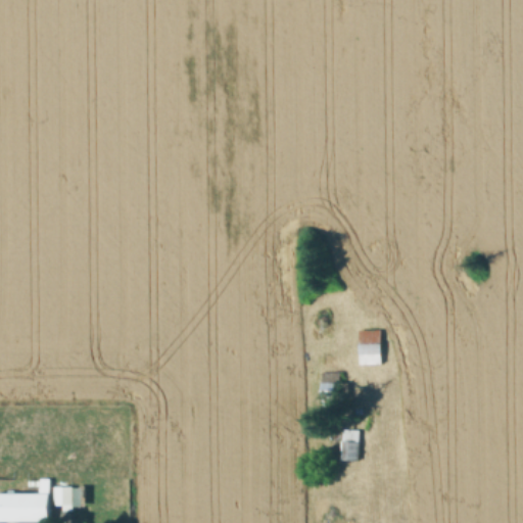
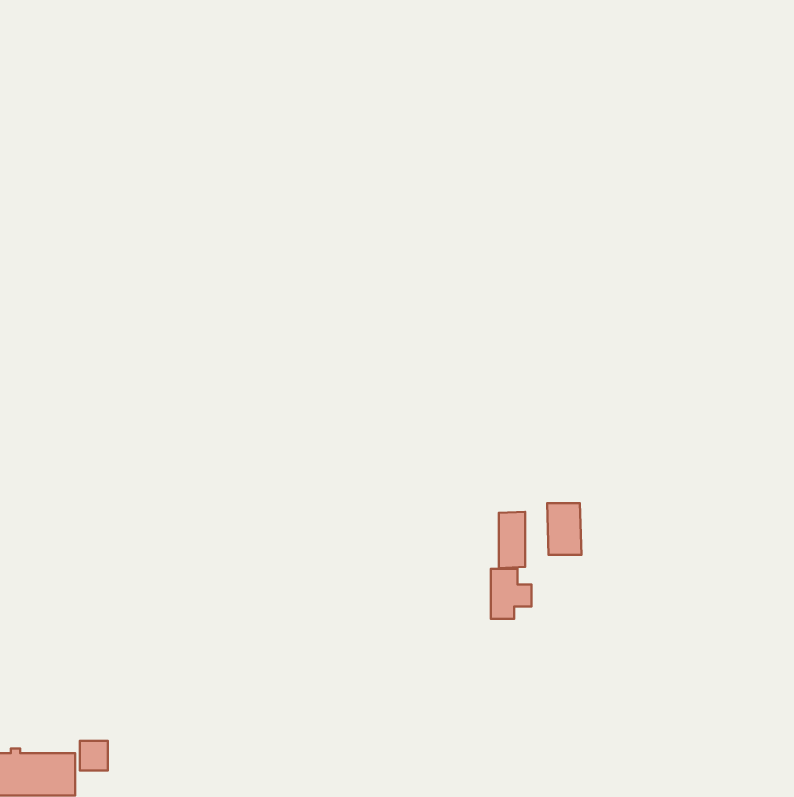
building: none -> [499,512,525,568]
building: [340,429,358,461] -> none

